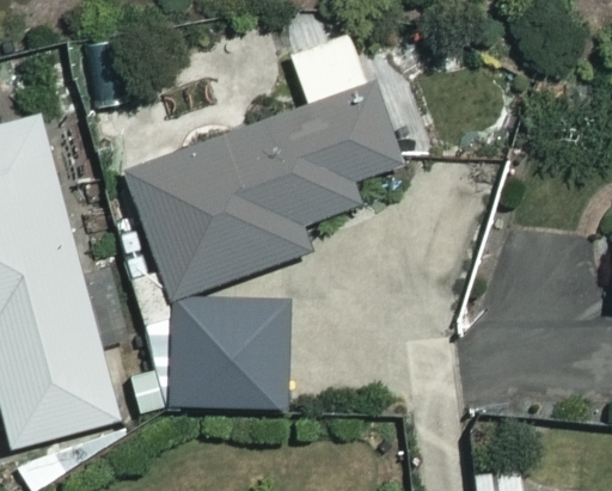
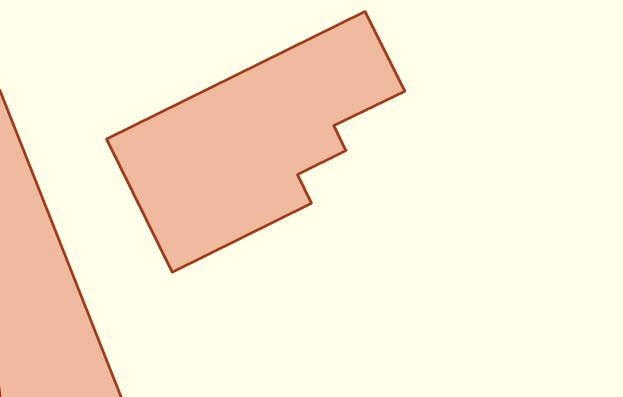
building: [171,302,287,403] -> none

